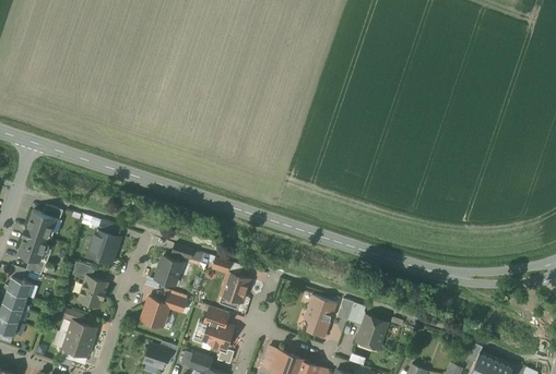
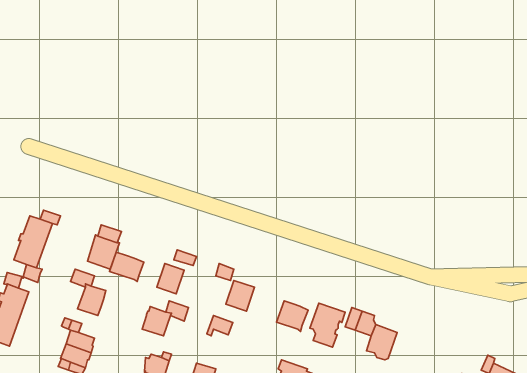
building: none -> [109,252,144,282]
building: none -> [276,301,308,331]
building: [205,321,233,350] -> none

